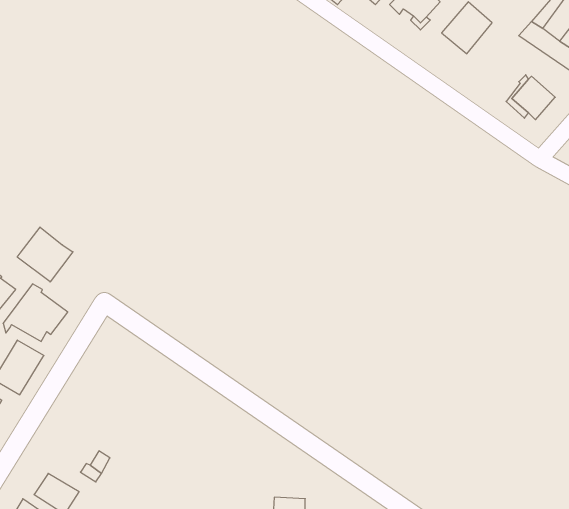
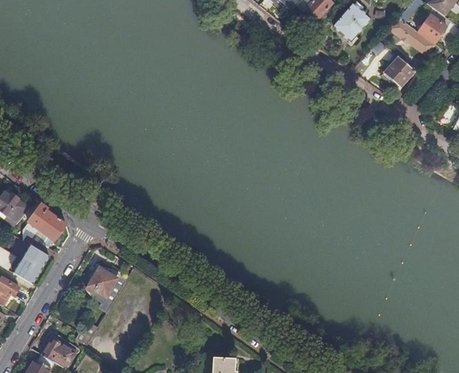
building: [17,227,73,282] -> none
building: none -> [85,261,123,304]

